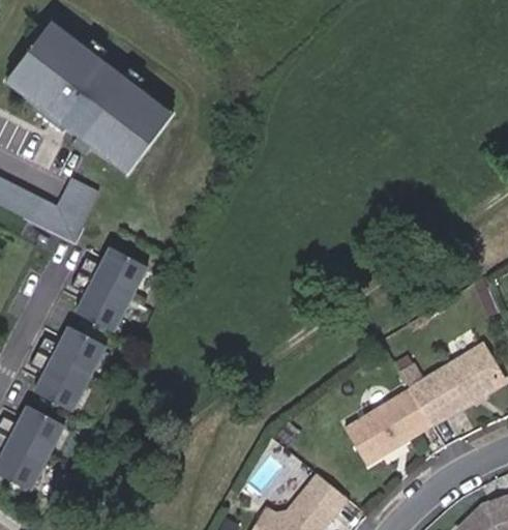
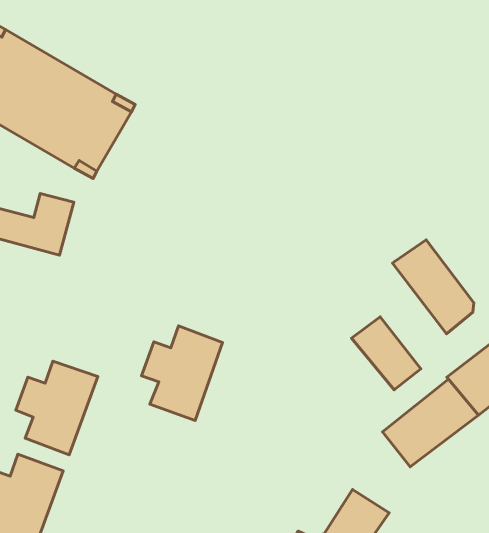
building: [69,248,145,334] -> [142,326,223,421]
building: none -> [392,240,474,334]
building: none -> [352,317,421,390]

